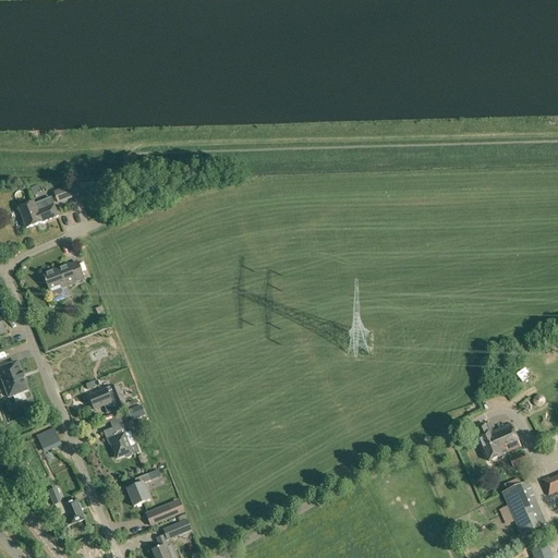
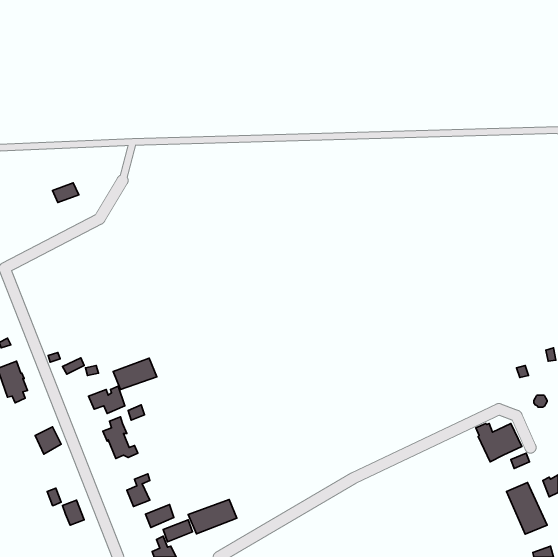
building: [17,196,57,227] -> none
building: [43,260,83,298] -> none
building: none -> [113,358,157,390]
building: none -> [188,500,237,534]

